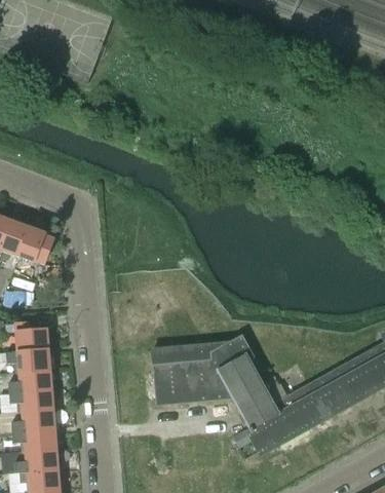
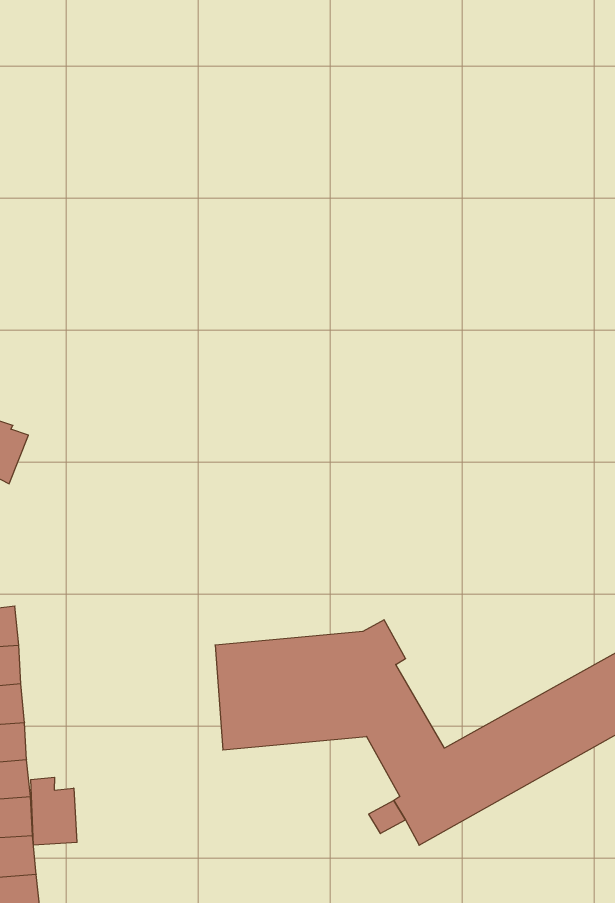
building: none -> [31,777,77,845]

